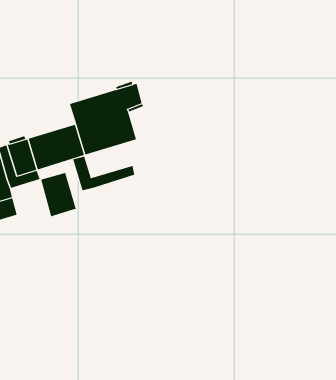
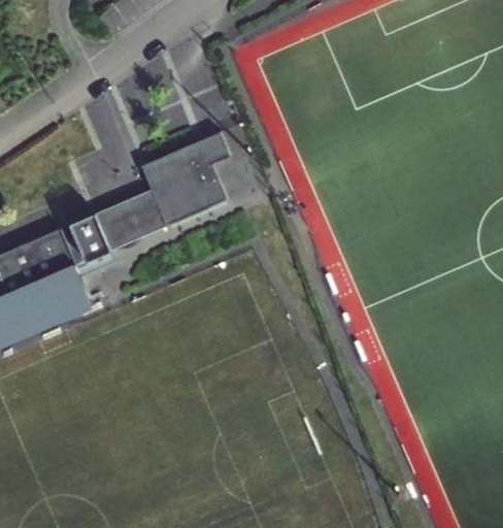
building: [73,156,135,191] -> none
building: [40,172,77,217] -> none

